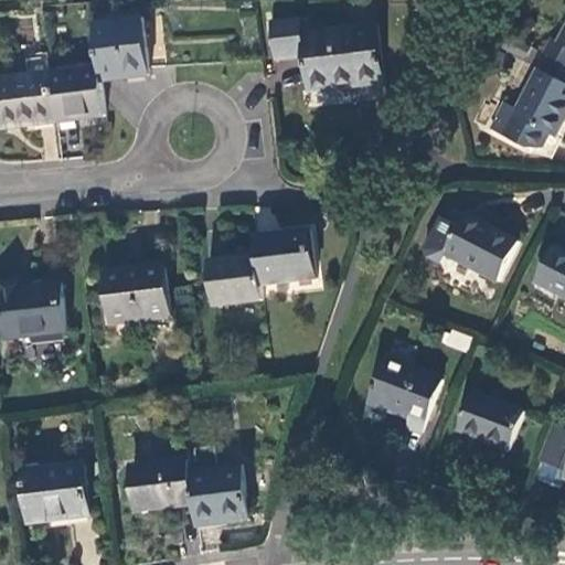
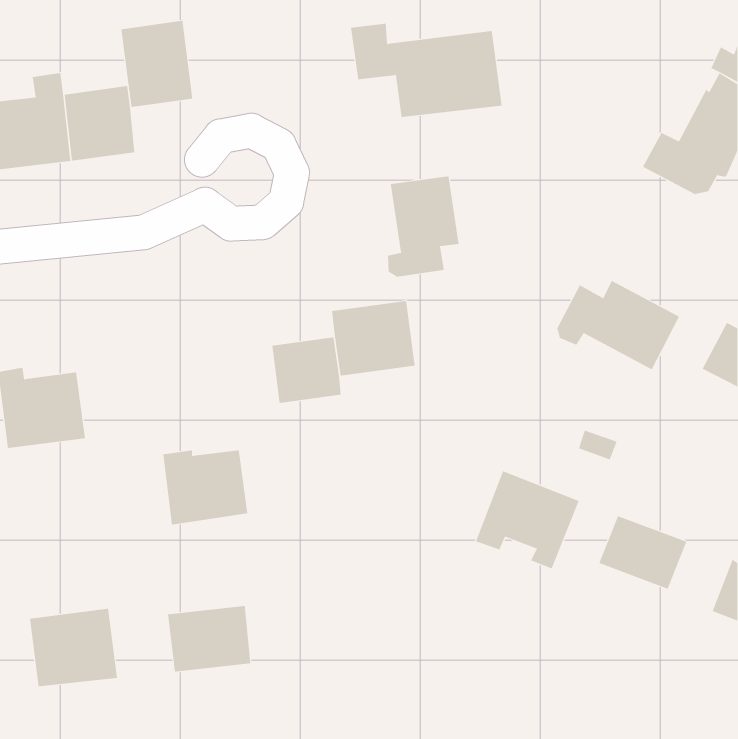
building: none -> [388,176,459,277]
building: [103,267,168,324] -> [162,450,248,525]
building: [188,463,247,526] -> none

